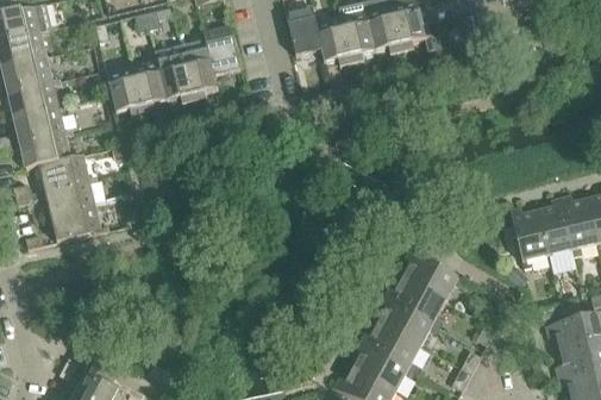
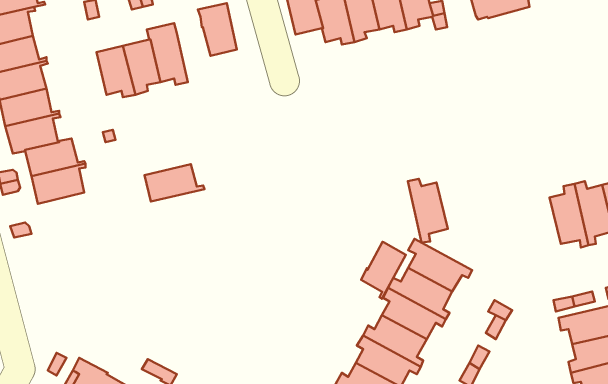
building: [180,38,218,100] -> none
building: [50,205,107,240] -> [144,164,204,202]
building: [509,206,547,267] -> [408,179,448,243]
building: none -> [361,242,406,299]

